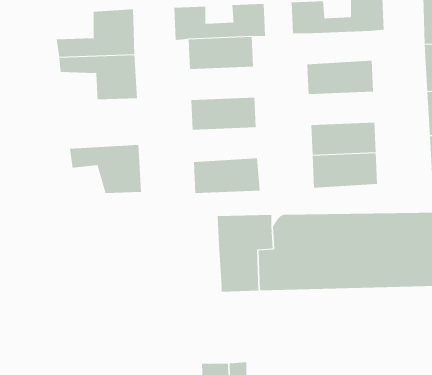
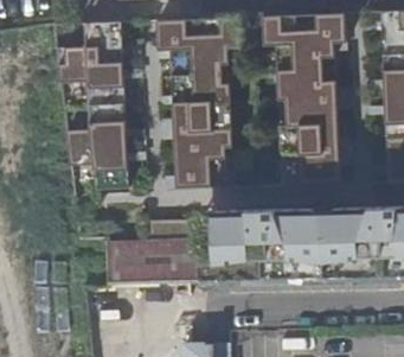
building: none -> [277,44,338,74]
building: none -> [173,76,232,106]
building: none -> [280,98,340,128]
building: none -> [62,104,128,149]
building: none -> [175,130,235,161]
building: none -> [105,236,201,282]

